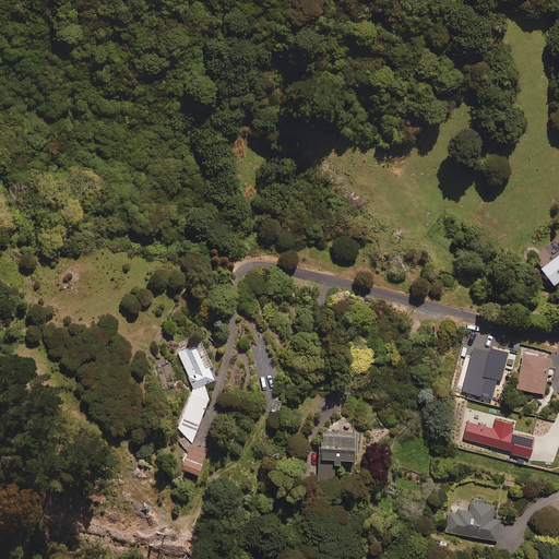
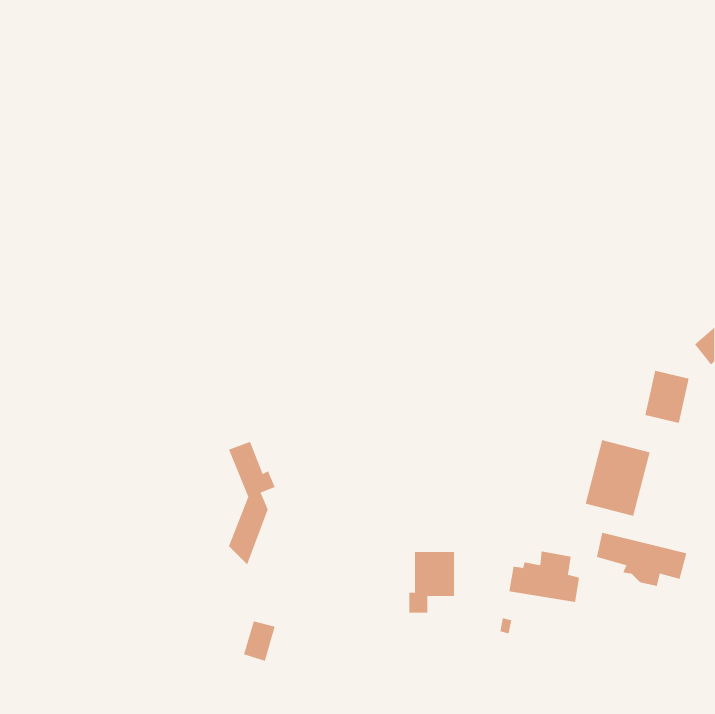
building: [516,353,551,394] -> [645,370,689,423]
building: [182,443,207,475] -> [243,621,275,662]
building: [445,500,501,540] -> [509,551,580,603]

